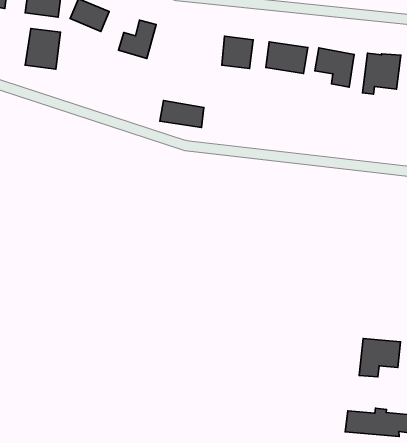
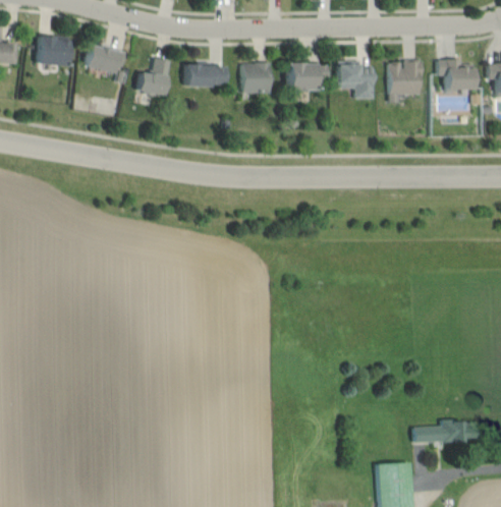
building: [25,29,60,69] -> none
building: [160,100,204,127] -> [183,64,226,87]
building: [359,339,400,377] -> none

